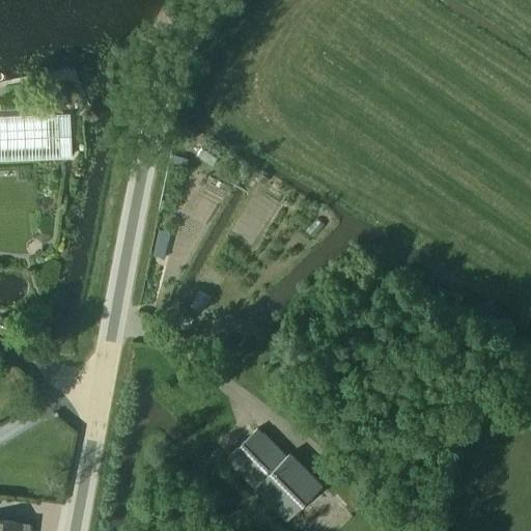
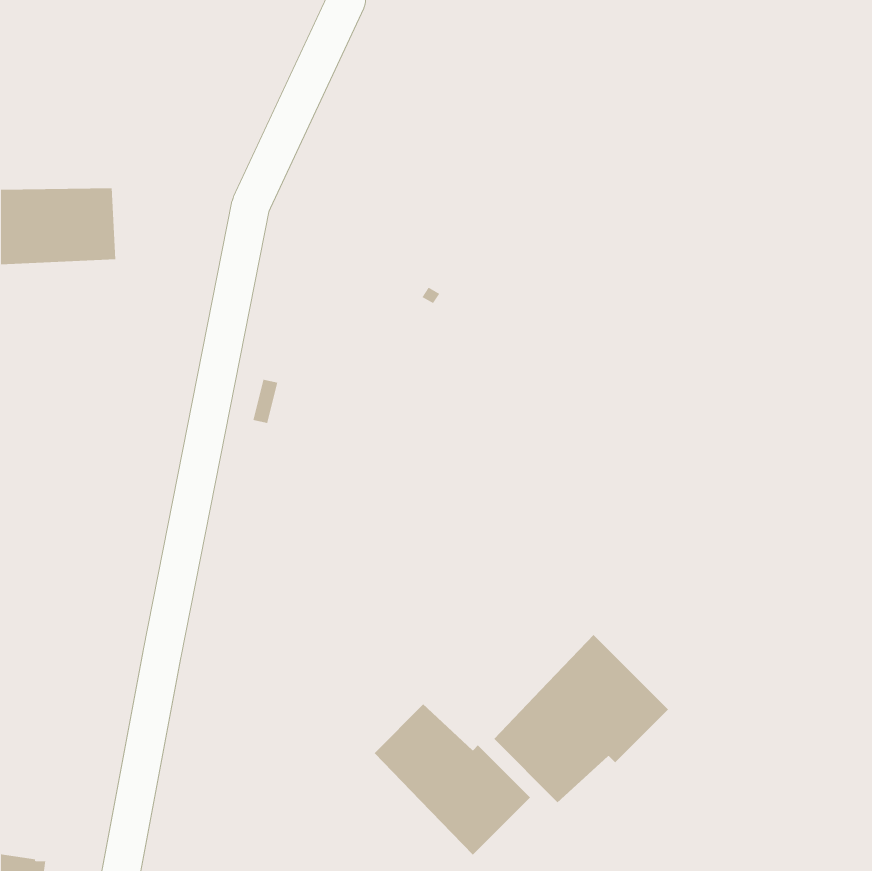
building: none -> [493,634,669,803]

